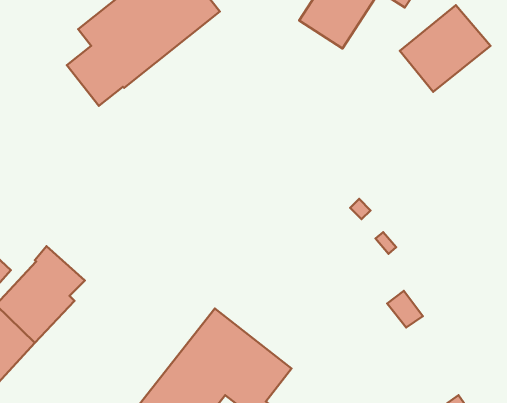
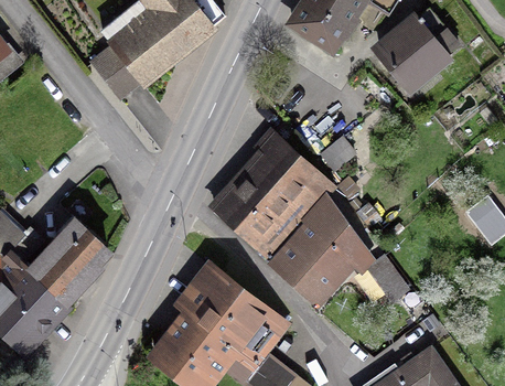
building: none -> [213,137,354,302]

